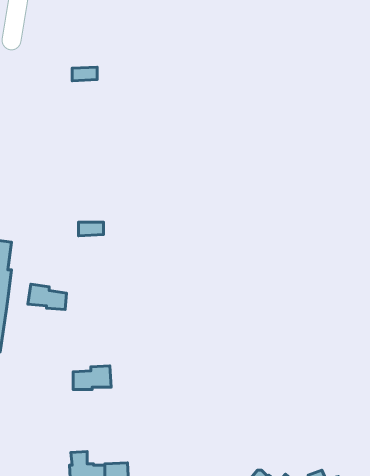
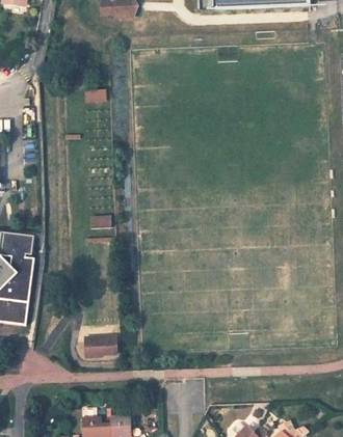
building: [28,284,66,310] -> none

